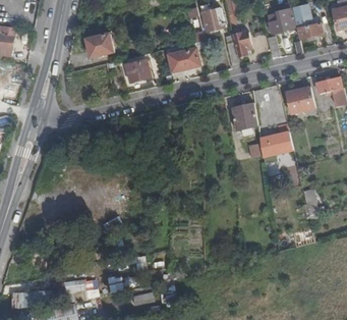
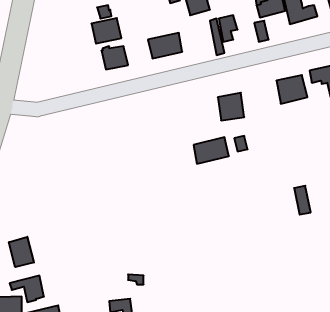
building: [84,33,112,56] -> [91,18,121,44]
building: [259,131,292,156] -> [194,137,229,164]
building: none -> [9,237,34,267]

